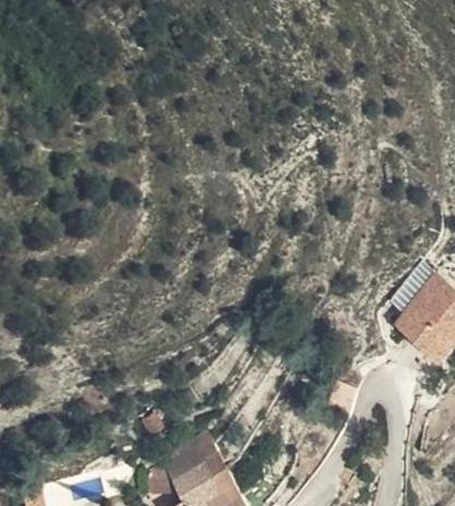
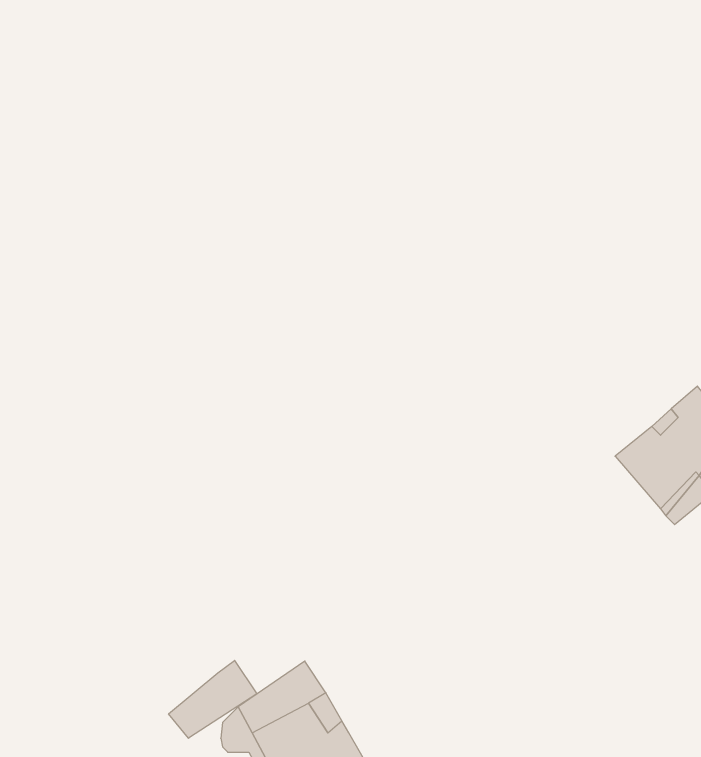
building: none -> [169,660,257,738]

